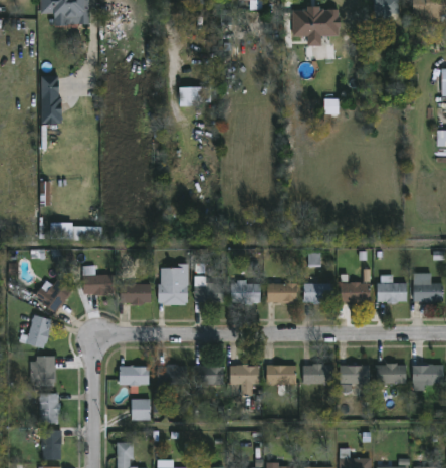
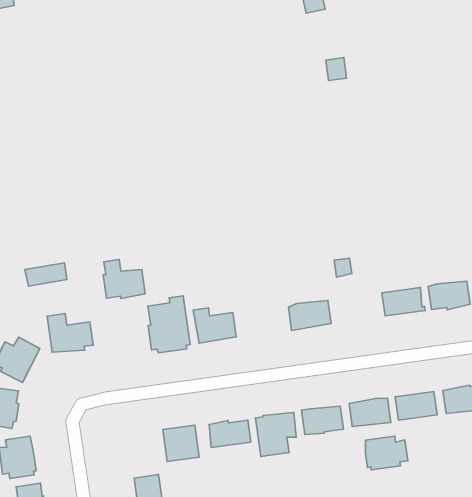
building: [180,87,211,107] -> none
building: [121,275,151,305] -> [103,260,145,299]
building: [304,279,334,305] -> none
building: [230,281,261,304] -> none
building: [120,366,149,394] -> none
building: none -> [365,436,408,470]

